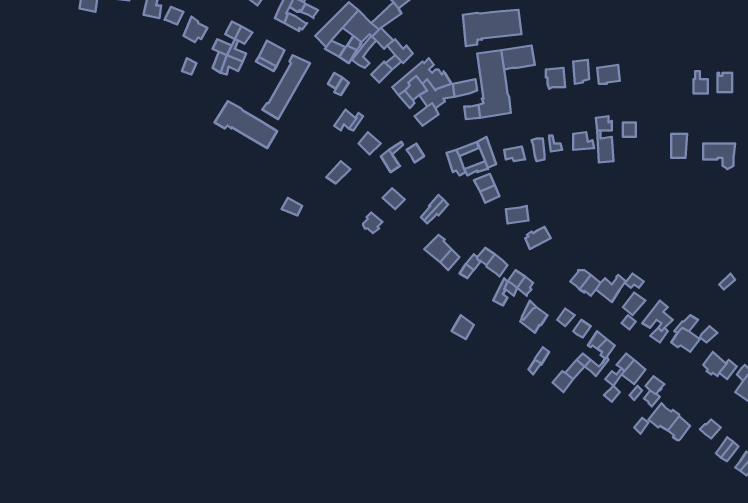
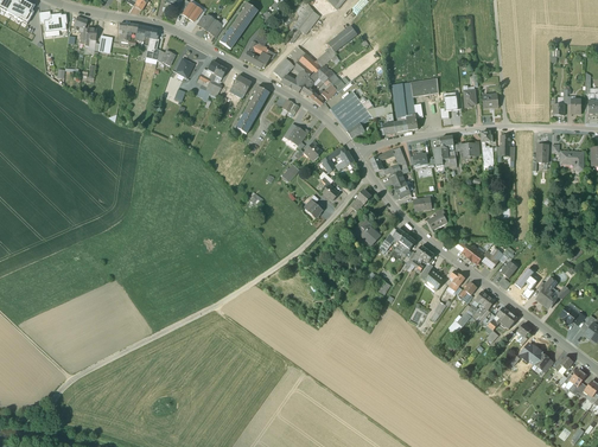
building: [463,10,521,46] -> none
building: [214,101,277,148] -> none

